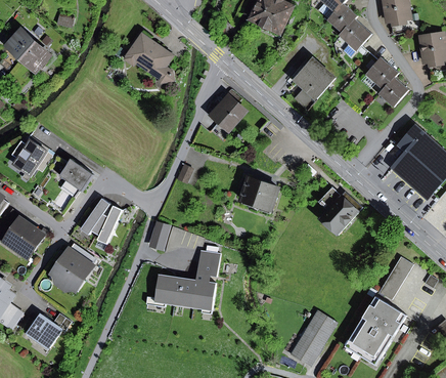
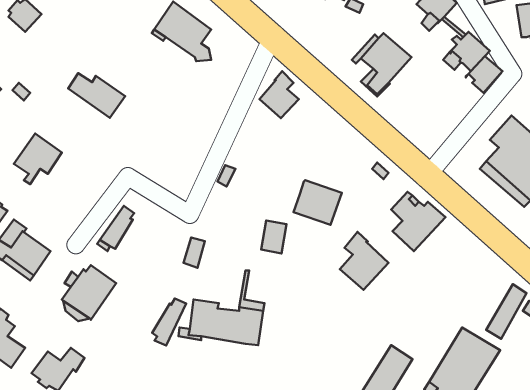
building: [23,43,49,69] -> none
building: [48,156,94,192] -> [68,73,125,118]
building: [95,205,123,243] -> [152,299,186,345]
building: none -> [340,232,389,290]
building: [199,250,220,277] -> [261,220,286,253]
building: [378,256,413,299] -> none

